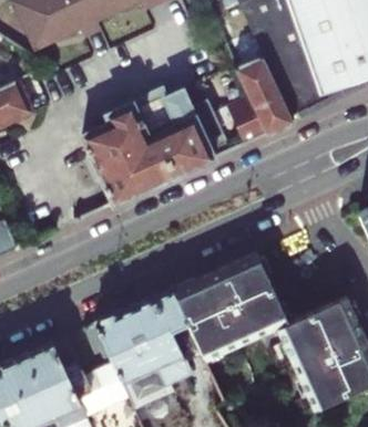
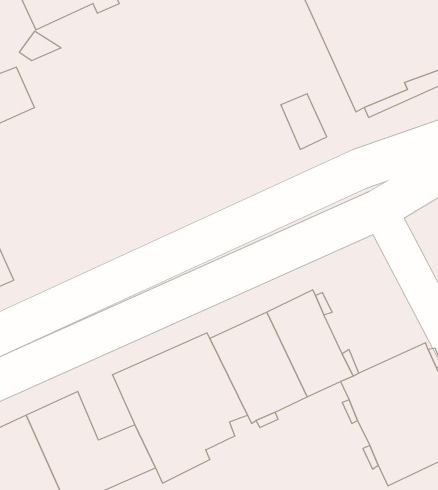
building: [237,51,295,132] -> none
building: [84,84,233,201] -> none

